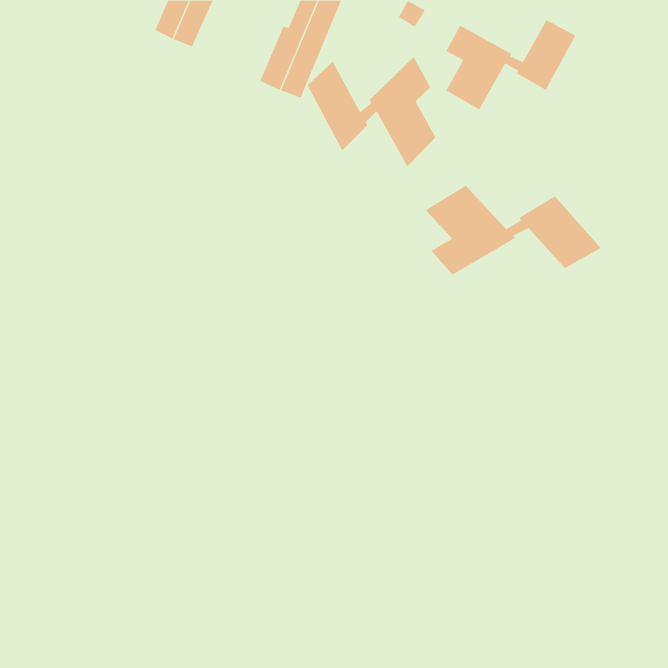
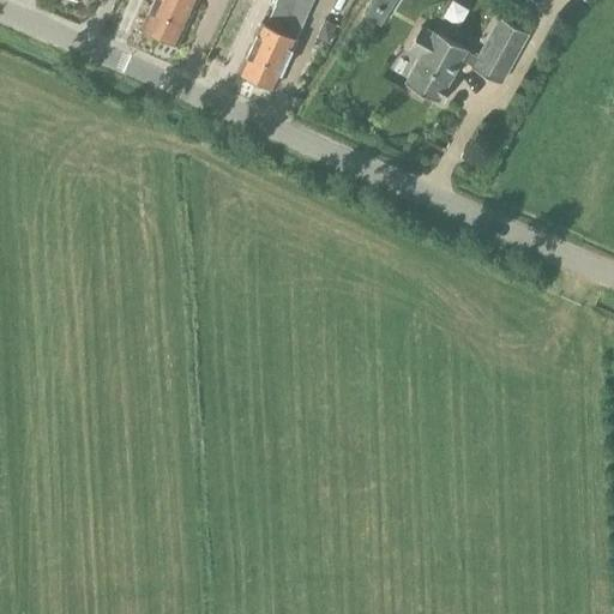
building: [307,56,436,167] -> none
building: [425,185,601,275] -> none

